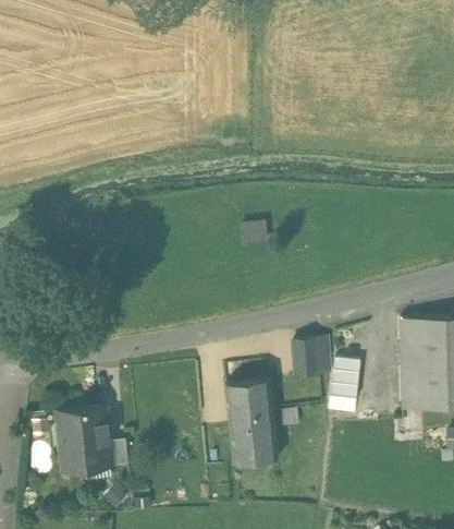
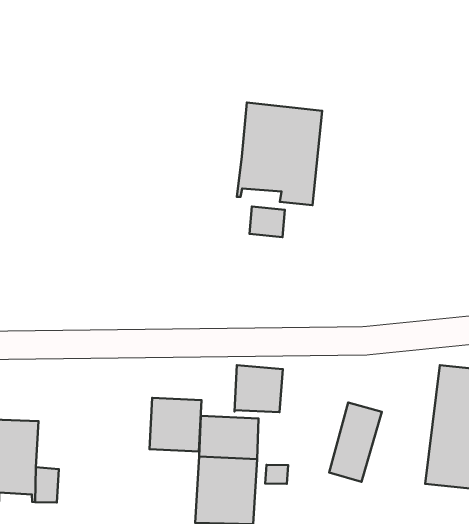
building: none -> [237,103,322,205]
building: [293,339,330,376] -> [234,365,283,412]
building: none -> [150,398,202,452]

